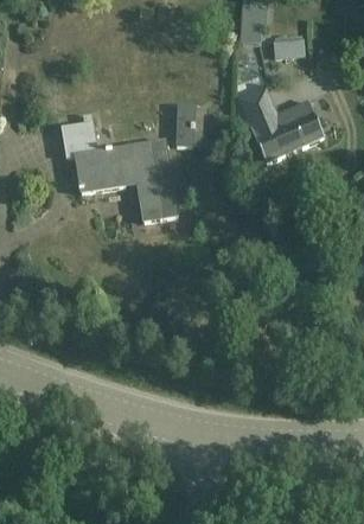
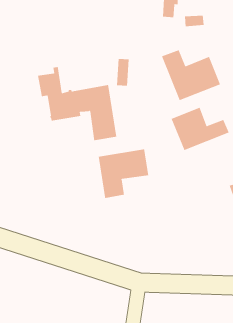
building: none -> [171,107,230,151]
building: none -> [98,149,149,199]

